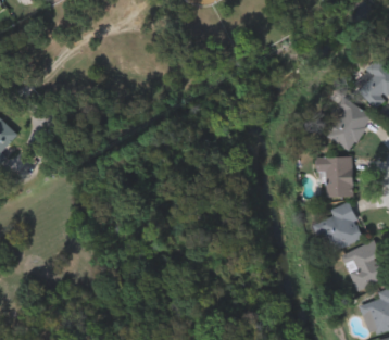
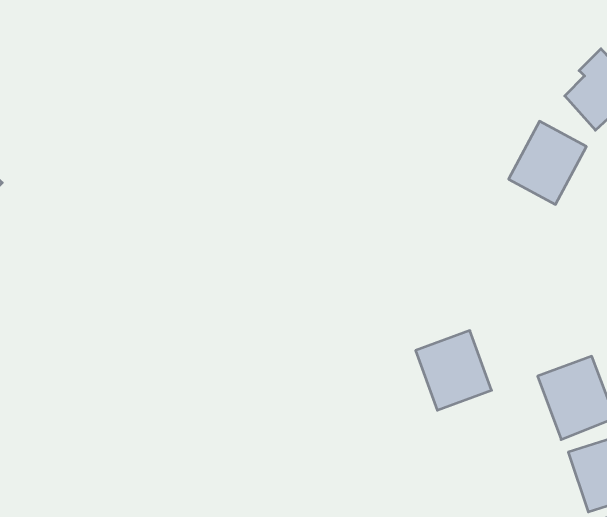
building: [315,155,352,197] -> none
building: [316,203,362,251] -> [416,331,492,410]

